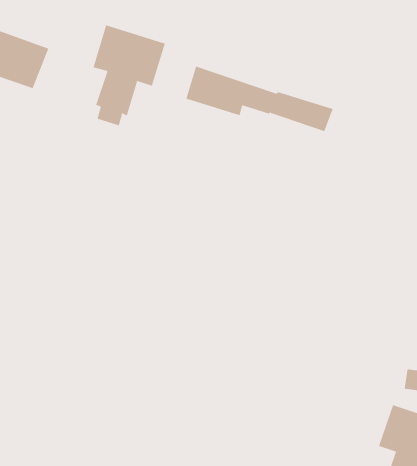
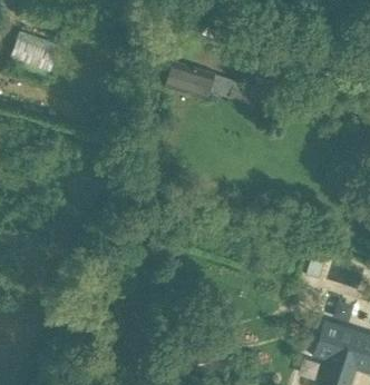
building: [93,25,165,126] -> none

